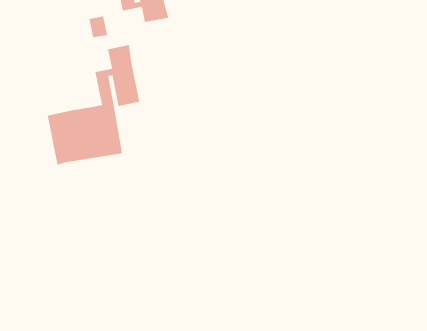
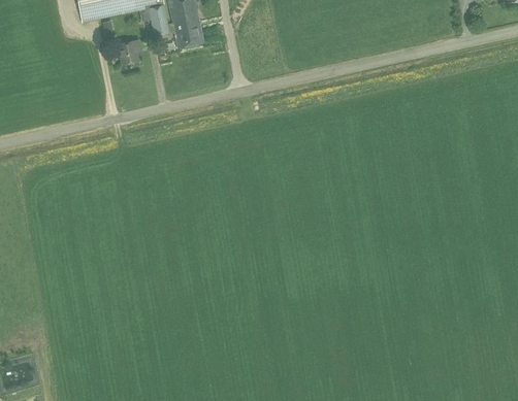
building: [47,44,140,165] -> none

